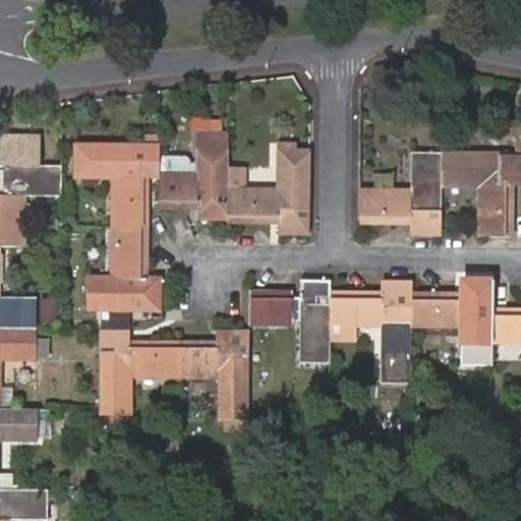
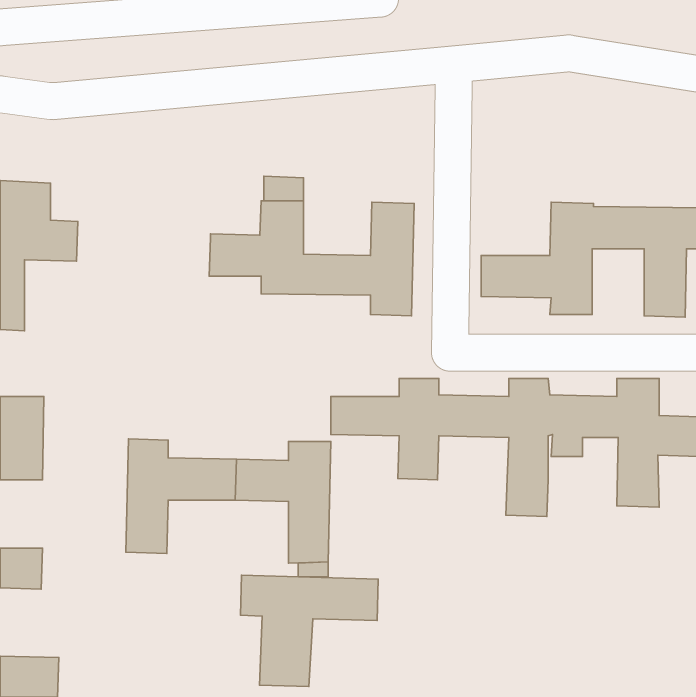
building: [75,143,160,307] -> none
building: none -> [241,575,378,686]

